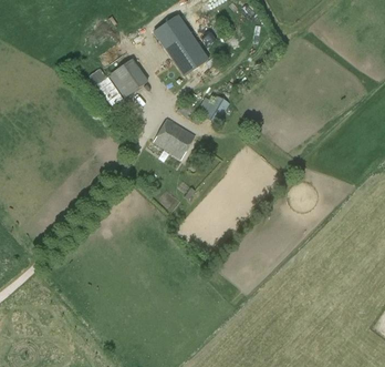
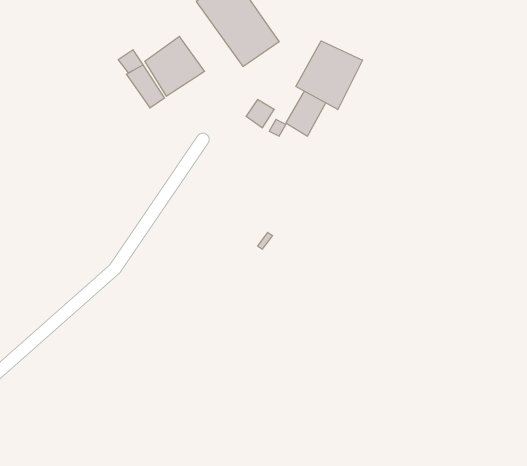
building: none -> [296,41,363,110]
building: [155,118,196,157] -> none

